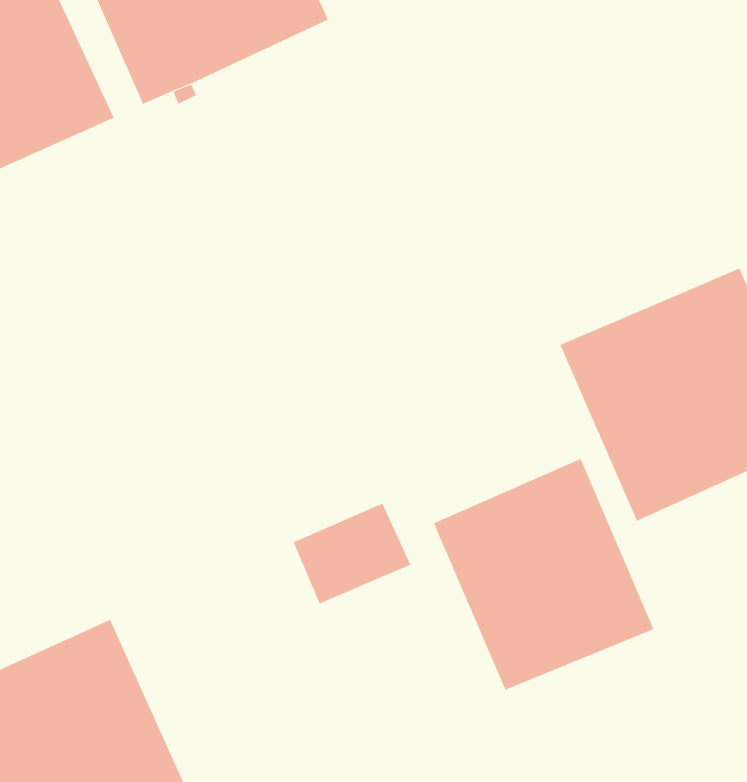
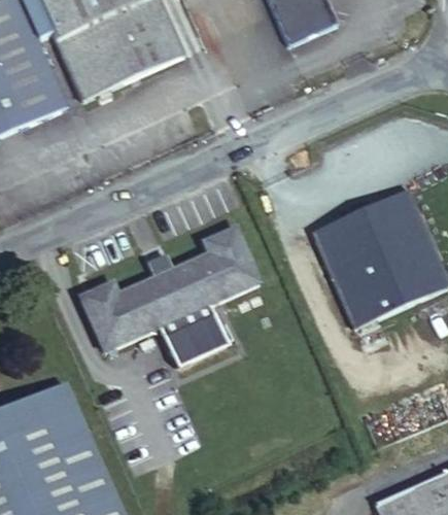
building: none -> [80,229,259,350]
building: [433,458,654,691] -> none

